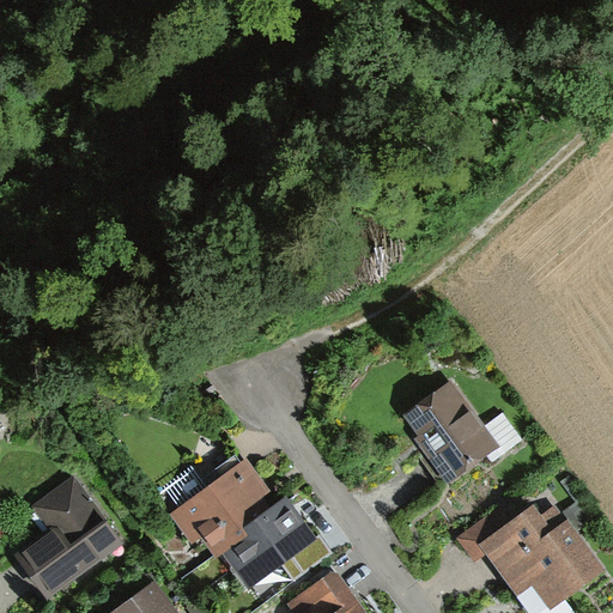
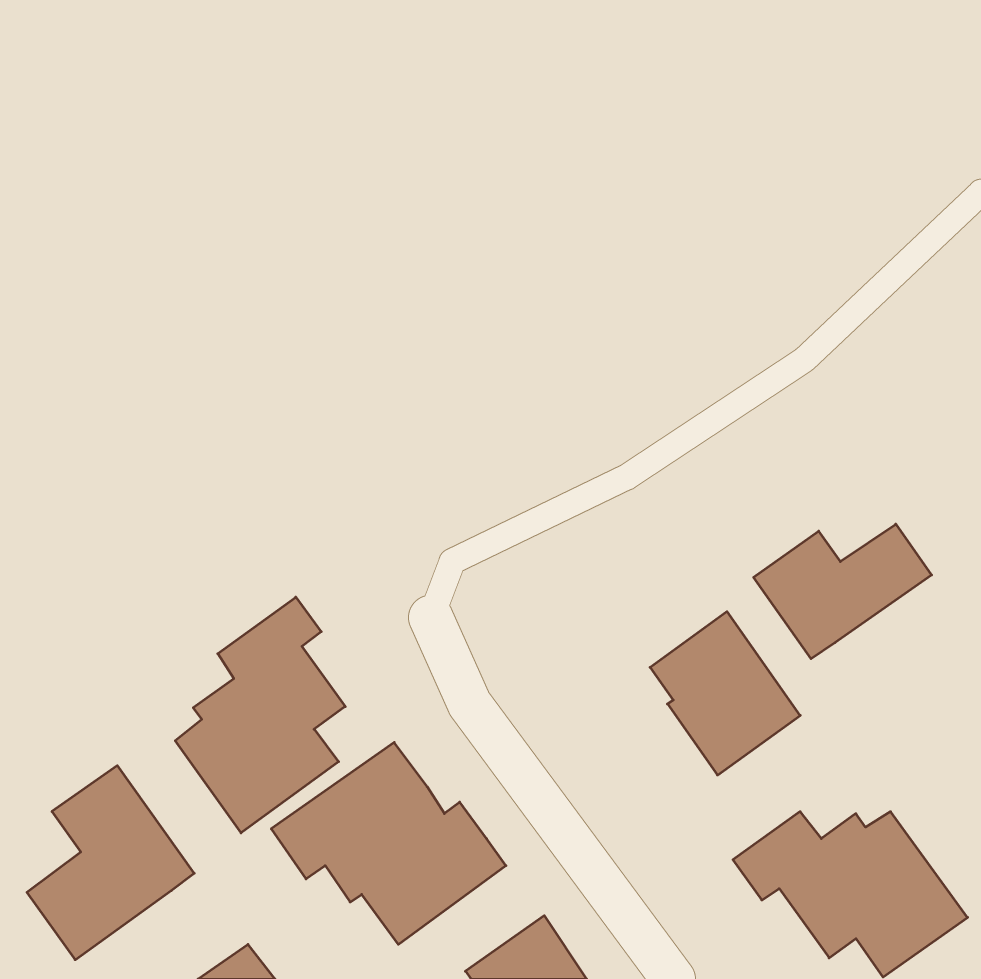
building: none -> [754,524,932,659]
building: none -> [175,597,345,833]

